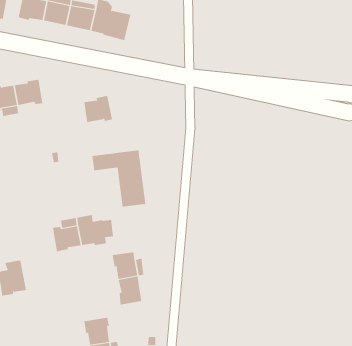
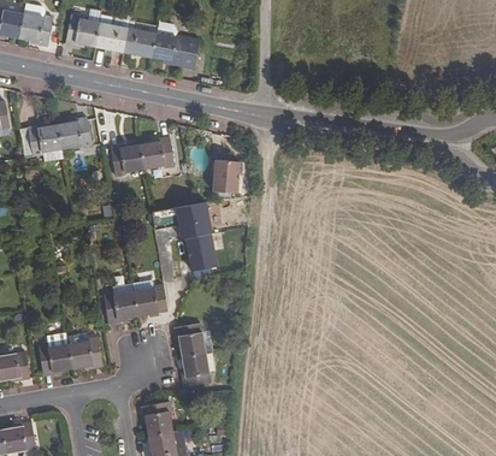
building: none -> [111,144,144,176]
building: none -> [213,159,240,193]
building: none -> [67,333,104,368]

